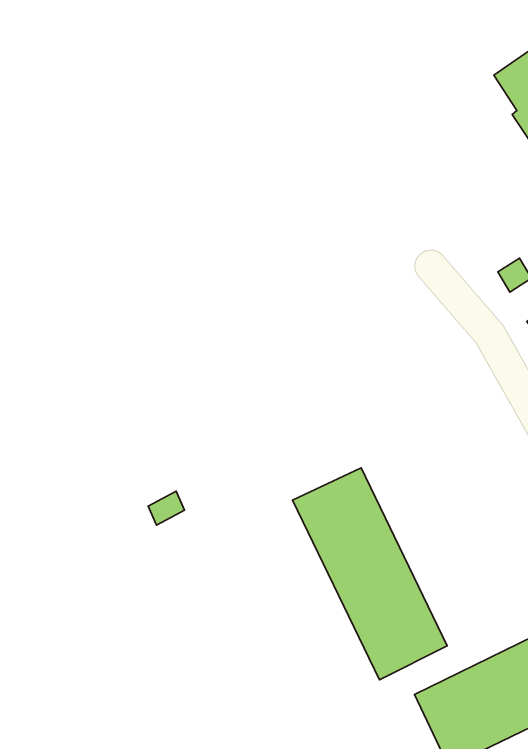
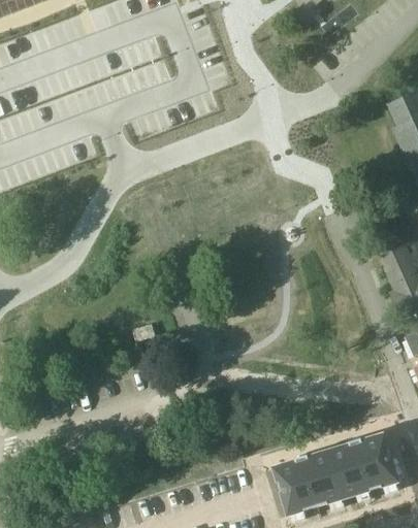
building: [292,468,447,680] -> none

